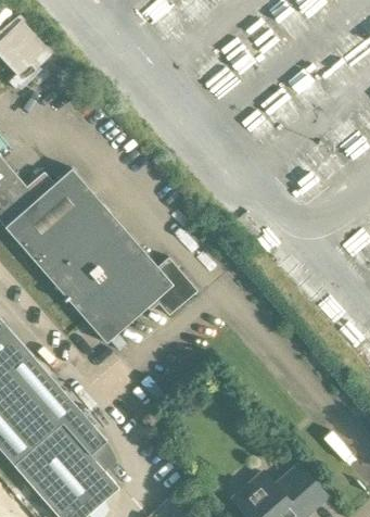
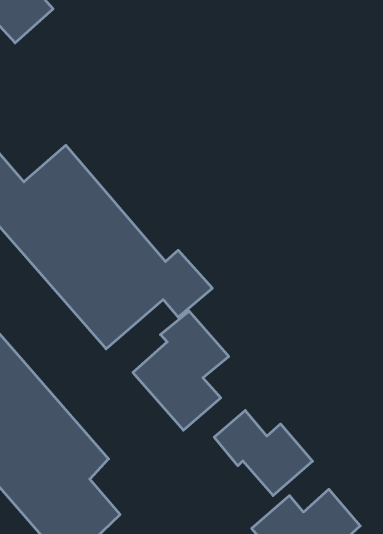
building: none -> [133,311,229,430]
building: none -> [214,410,313,496]

